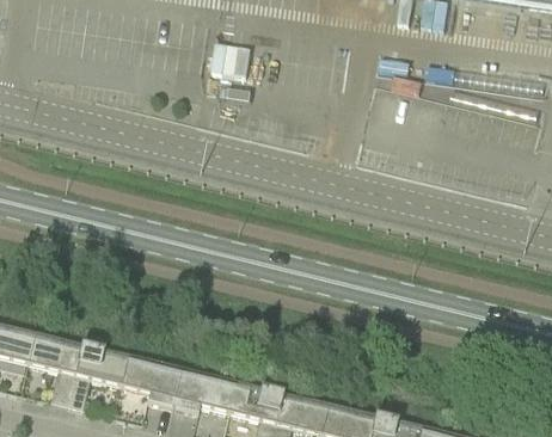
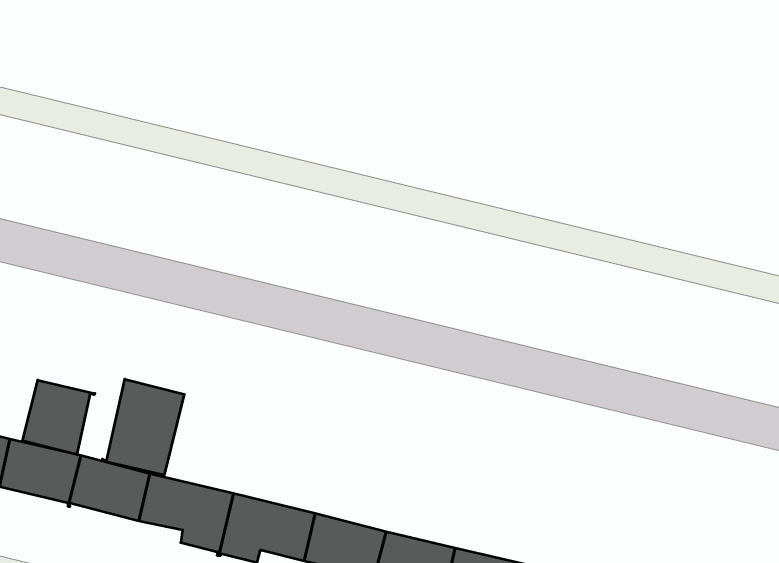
building: none -> [101,379,184,475]
building: none -> [22,380,95,455]

